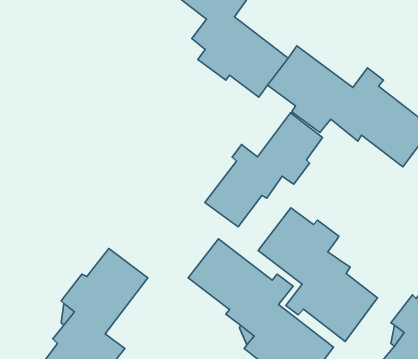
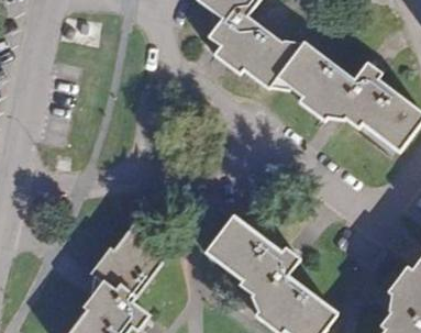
building: [205,113,323,227] -> none
building: [258,208,378,341] -> none

